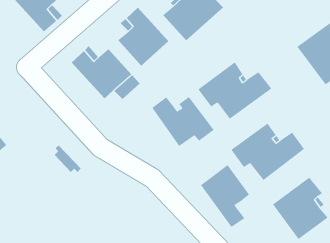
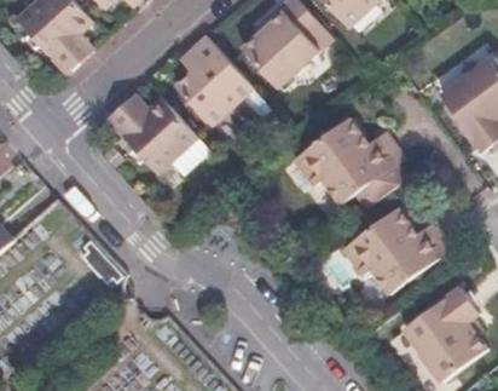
building: [152,96,214,147] -> none
building: [200,164,250,228] -> none

